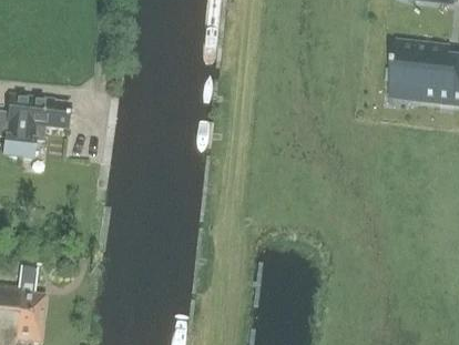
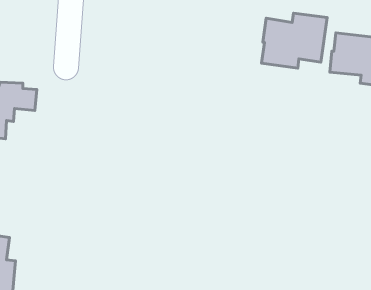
building: none -> [262,13,327,68]

